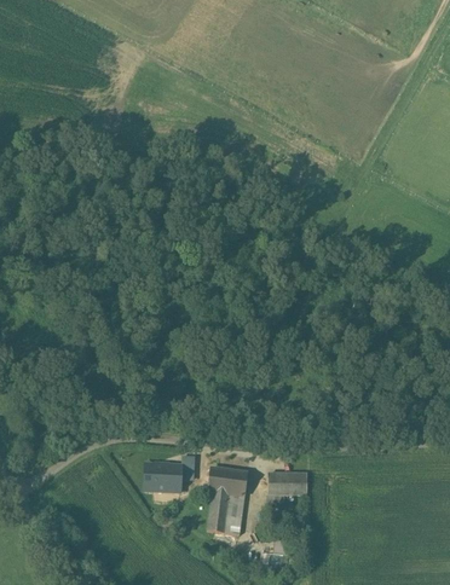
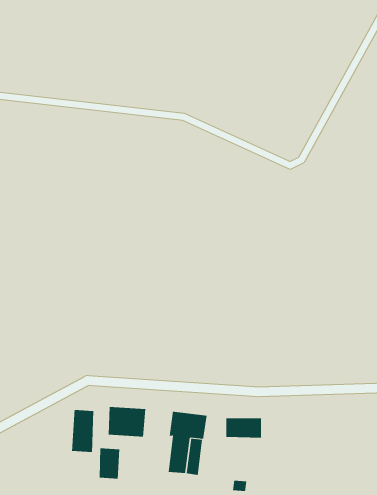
building: none -> [72,409,94,453]
building: none -> [99,448,120,479]

